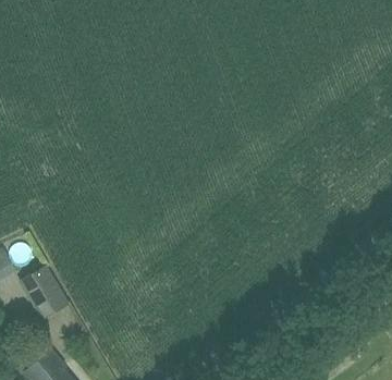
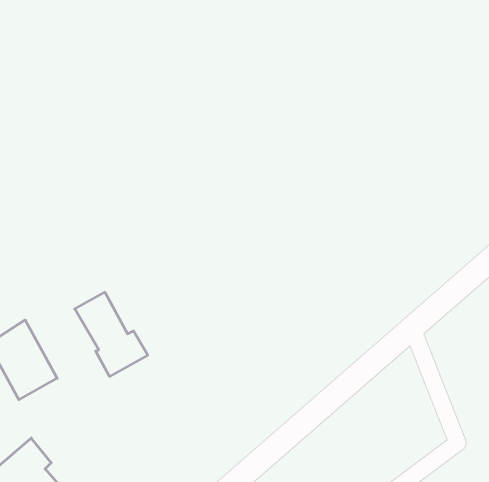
building: none -> [75,292,148,376]

